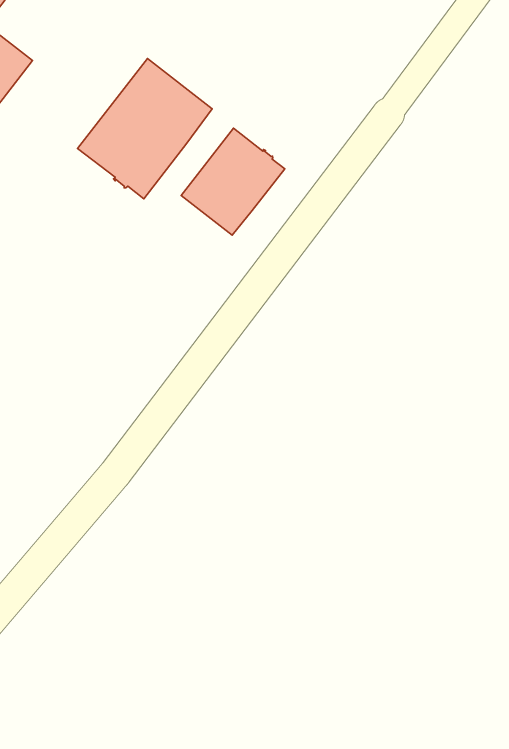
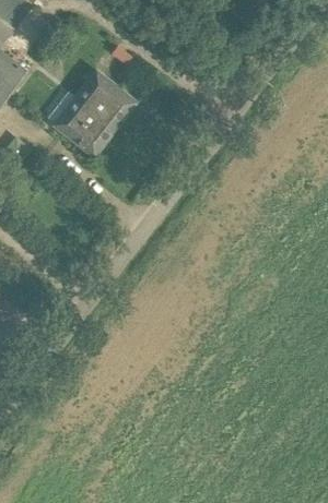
building: [181,128,285,235] -> none

